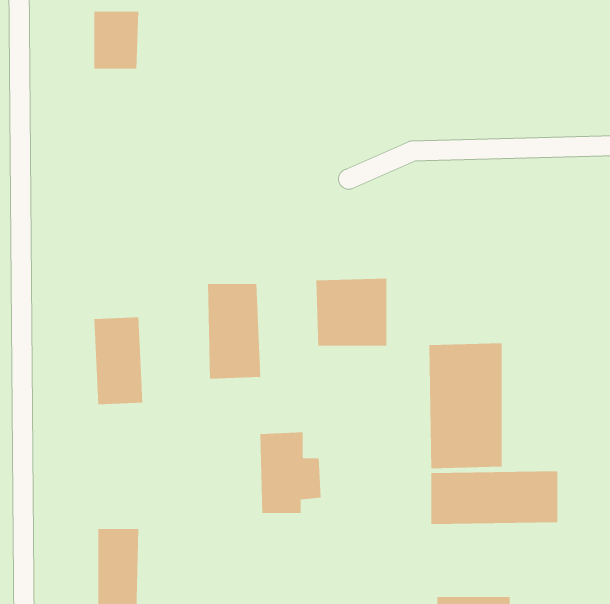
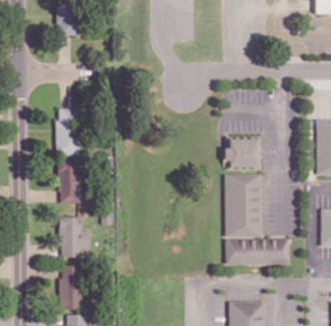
building: [315,278,387,346] -> [227,134,263,169]
building: [207,283,261,379] -> [56,108,83,156]
building: [260,432,322,514] -> [59,216,90,257]

